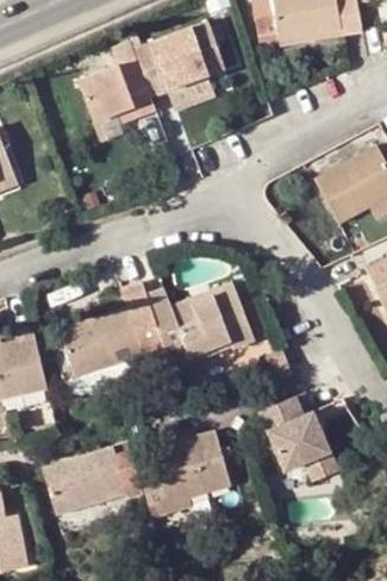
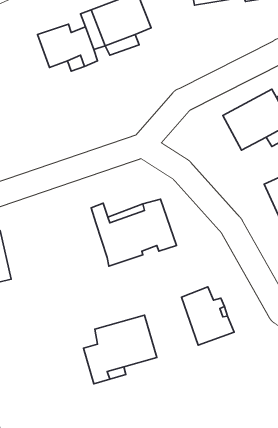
building: [63,282,167,375] -> none
building: [45,457,129,524] -> none

